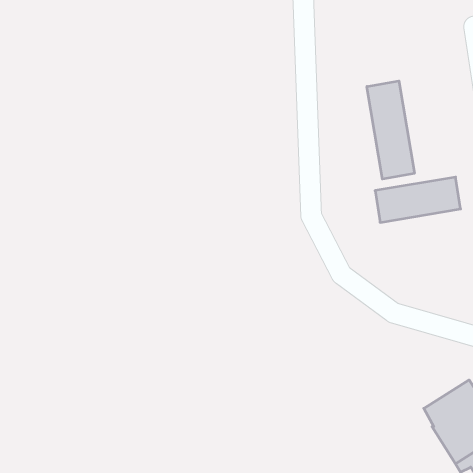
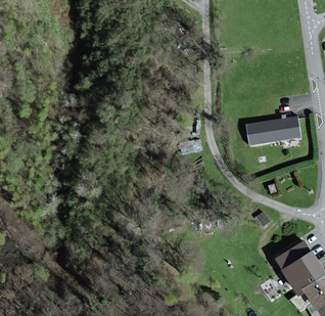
building: [367,81,414,179] -> none

